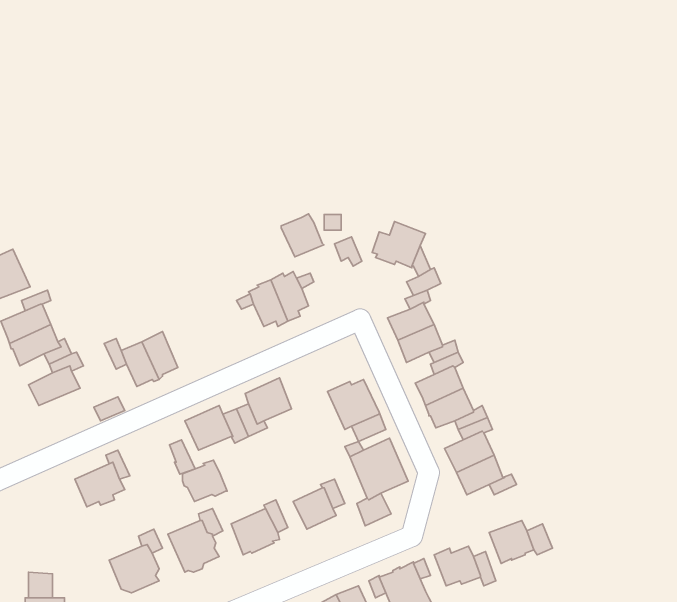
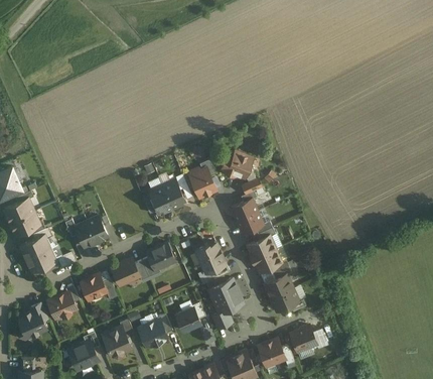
building: [281,214,324,257] -> [190,172,215,198]
building: none -> [25,249,54,272]
building: [182,460,227,501] -> [80,274,106,298]
building: none -> [18,303,47,339]

